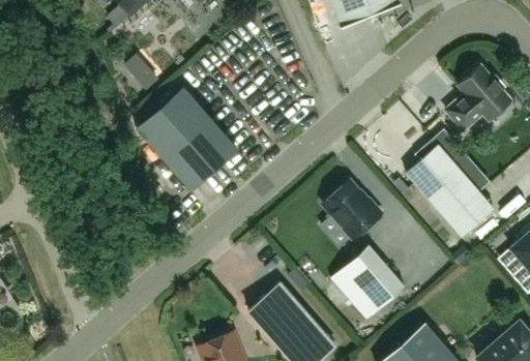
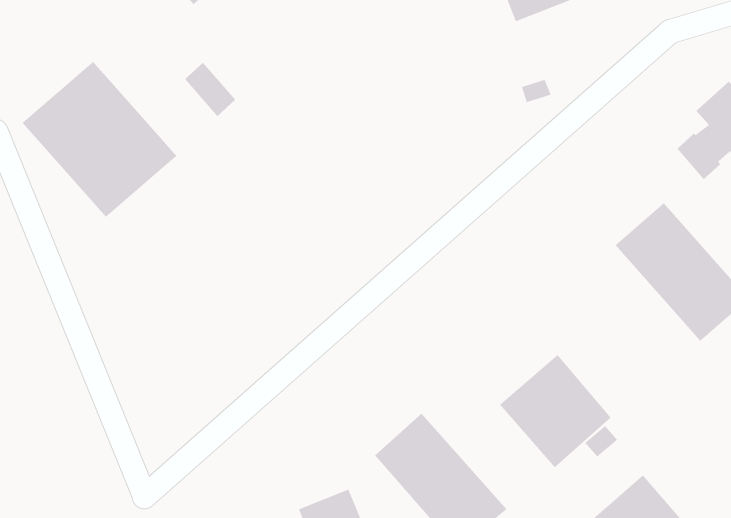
building: [136,87,237,189] -> [22,61,177,218]
building: [323,180,381,238] -> none

